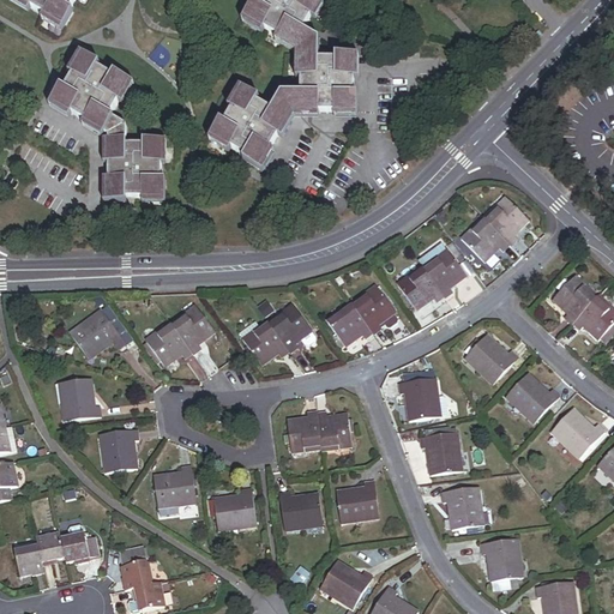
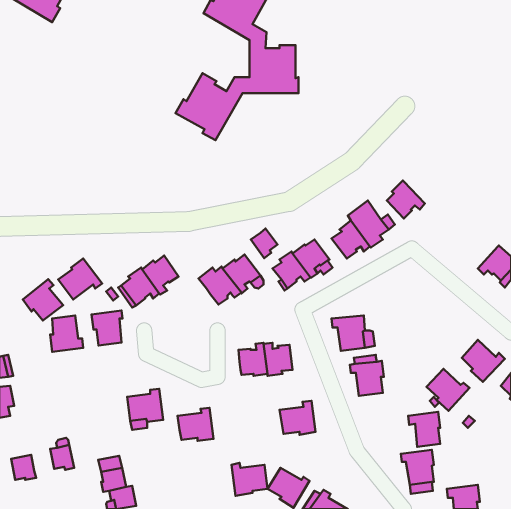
building: [50,54,164,201] -> none
building: [483,198,528,245] -> none
building: none -> [251,228,278,258]
building: [555,276,596,324] -> none
building: [465,332,517,383] -> none
building: none -> [23,279,63,321]
building: [507,372,559,422] -> [426,369,470,411]
building: [100,429,137,471] -> [91,310,122,346]
building: [440,486,478,528] -> [408,412,440,447]
building: [278,490,321,530] -> [231,463,268,496]
building: [36,531,64,564] -> none

